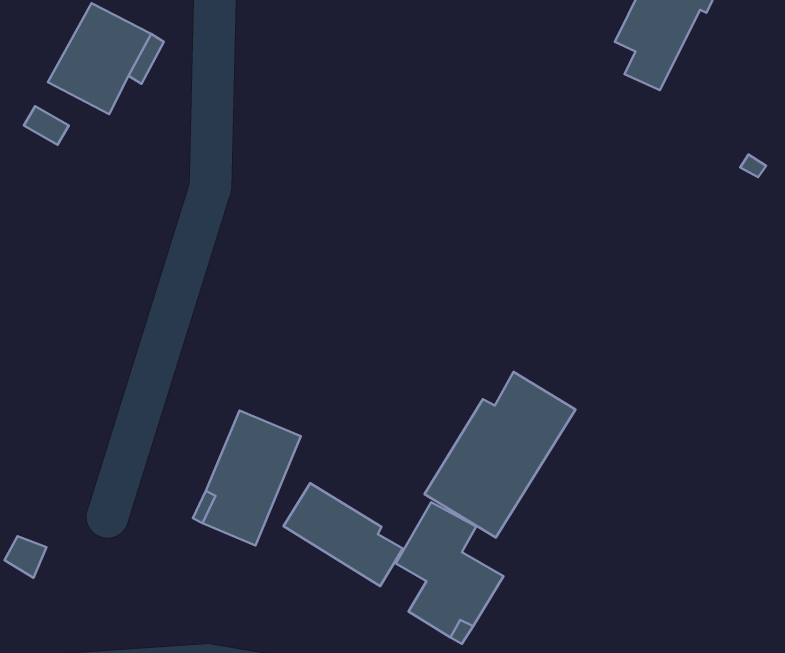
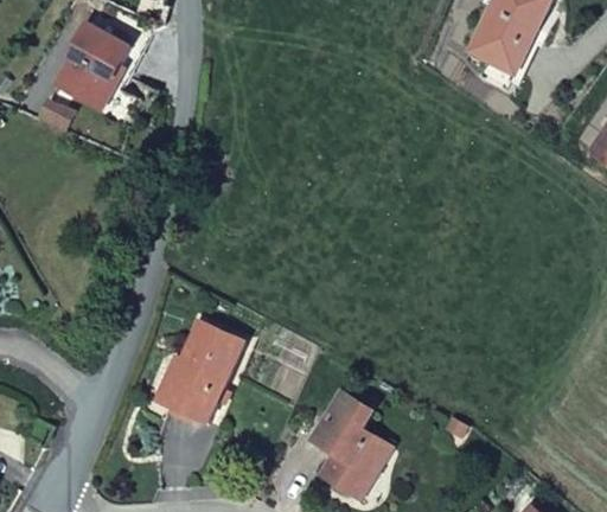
building: [425,372,576,538] -> none
building: [284,483,403,586] -> none

